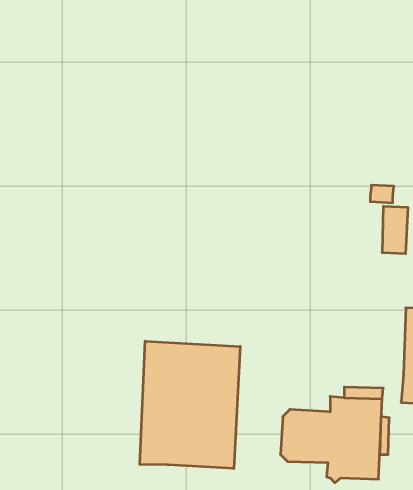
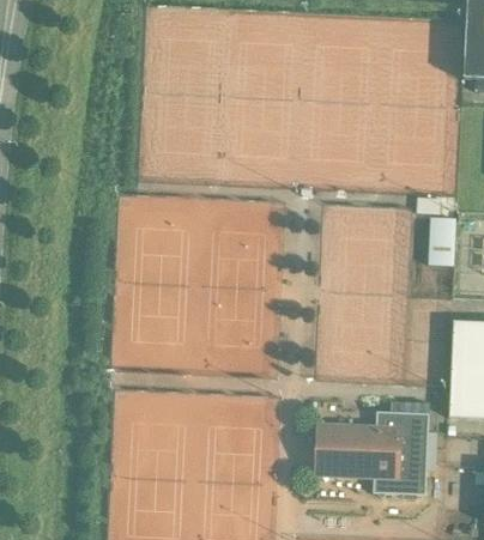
building: [140,341,240,469] -> none

